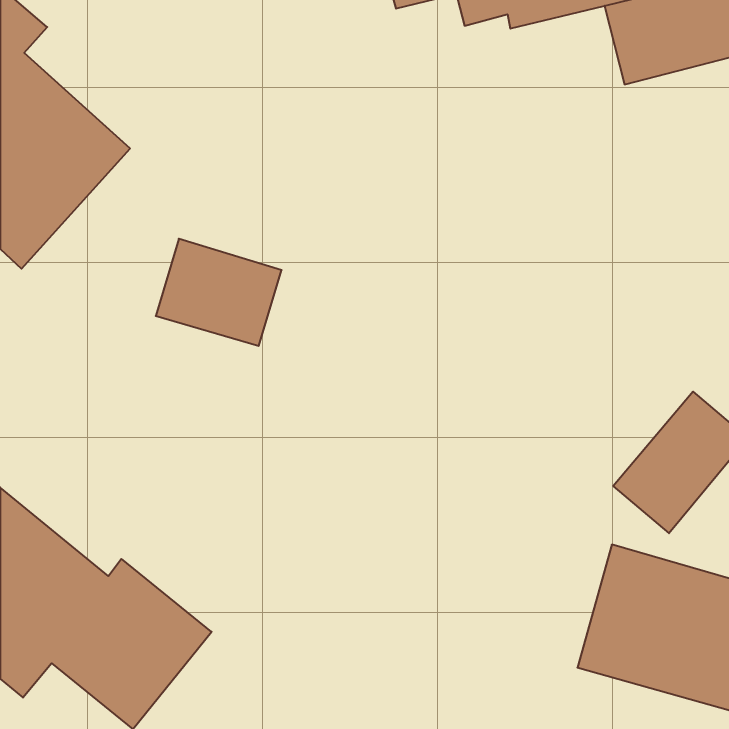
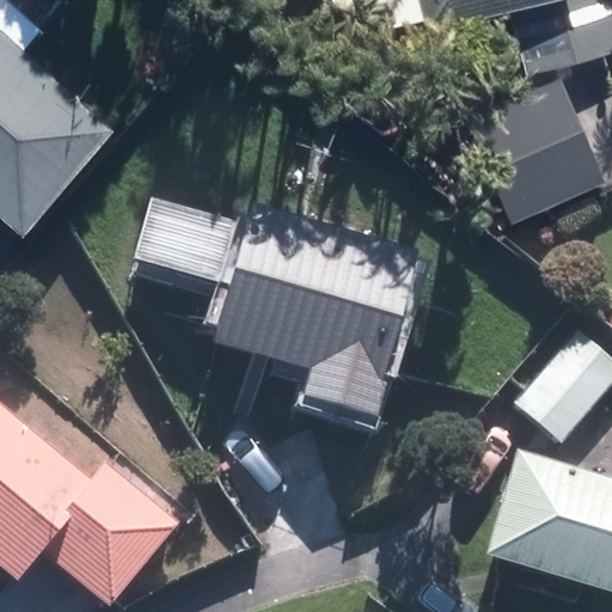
building: none -> [461,74,606,220]
building: none -> [209,204,418,422]

